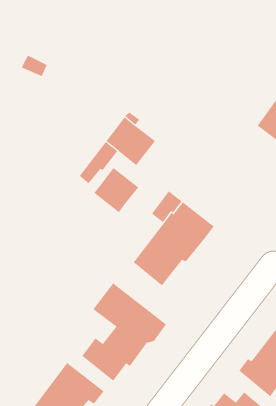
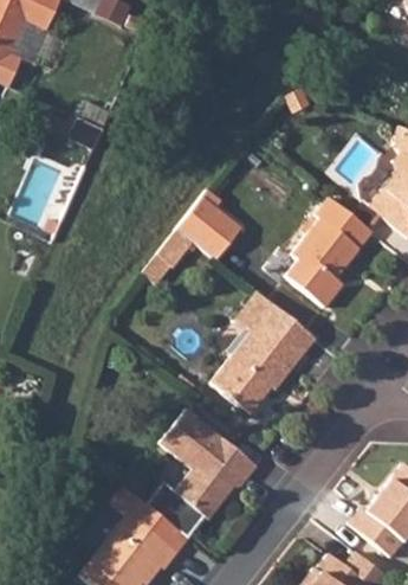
building: none -> [287,197,375,308]
building: [94,167,139,213] -> none

